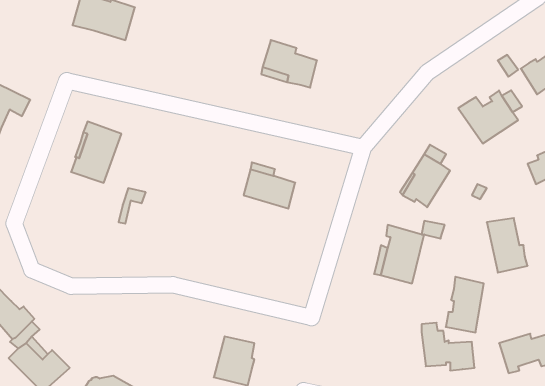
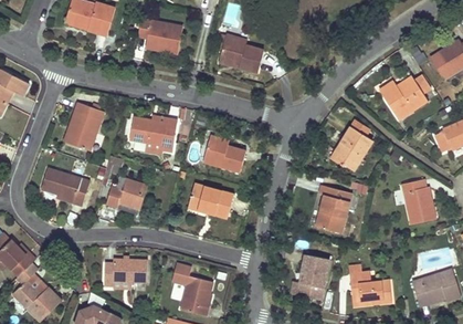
building: none -> [138,19,182,54]
building: none -> [129,117,177,151]
building: none -> [41,168,92,206]
building: none -> [106,178,147,209]
building: none -> [189,184,233,219]
building: [446,277,484,332] -> [296,254,327,300]
building: none -> [104,260,147,288]

